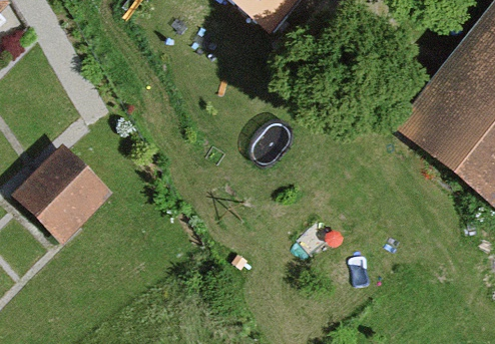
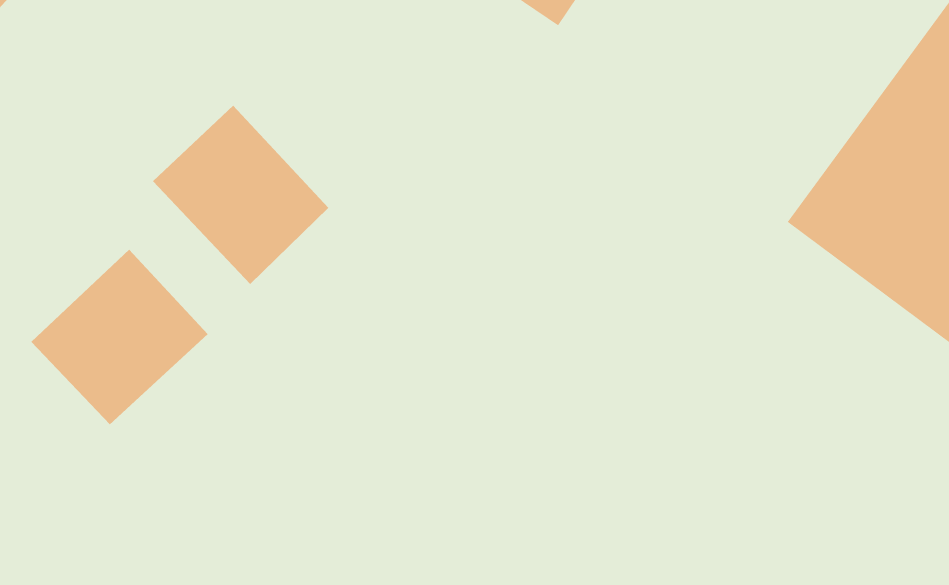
building: none -> [152,105,329,285]

